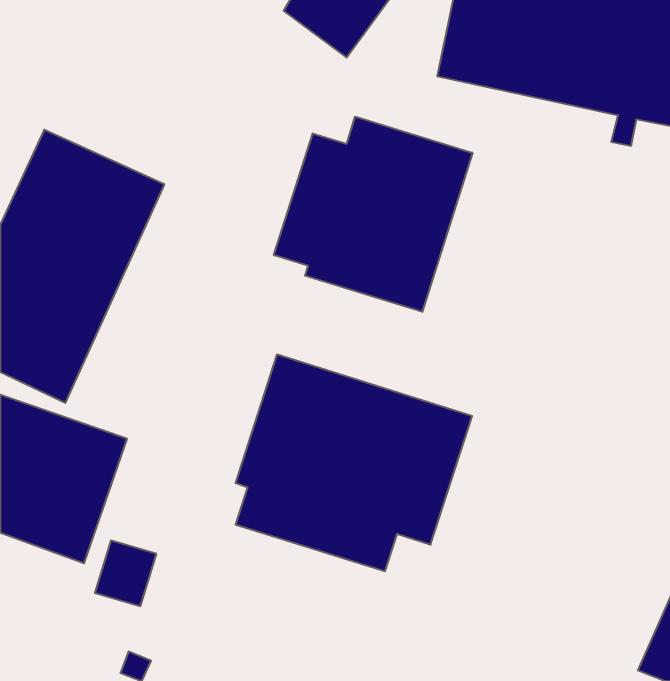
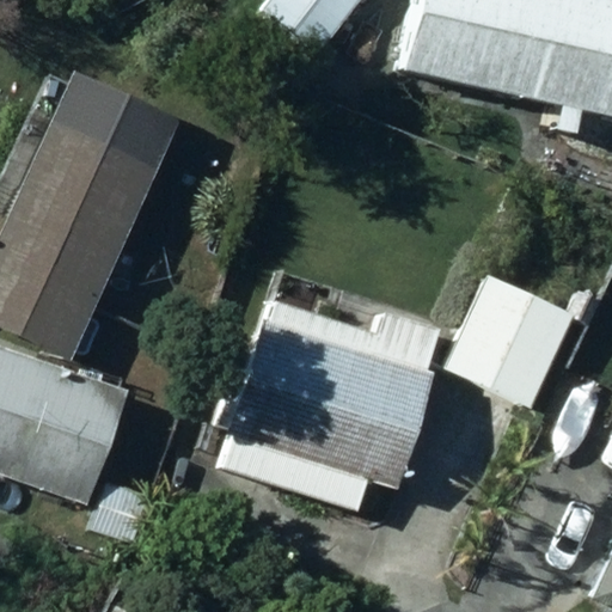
building: [274,117,472,312] -> none
building: none -> [449,275,575,403]

